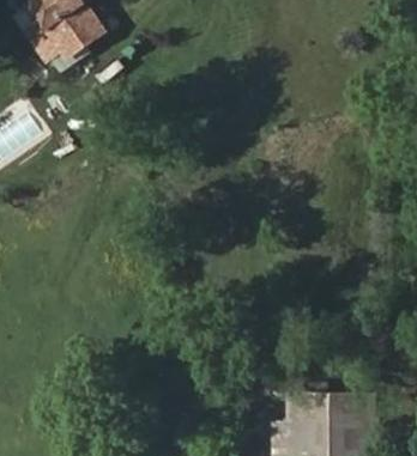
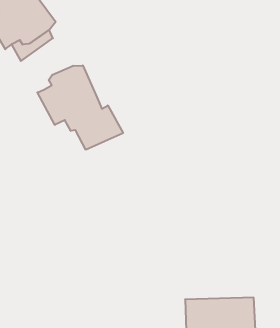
building: none -> [37,65,123,150]

